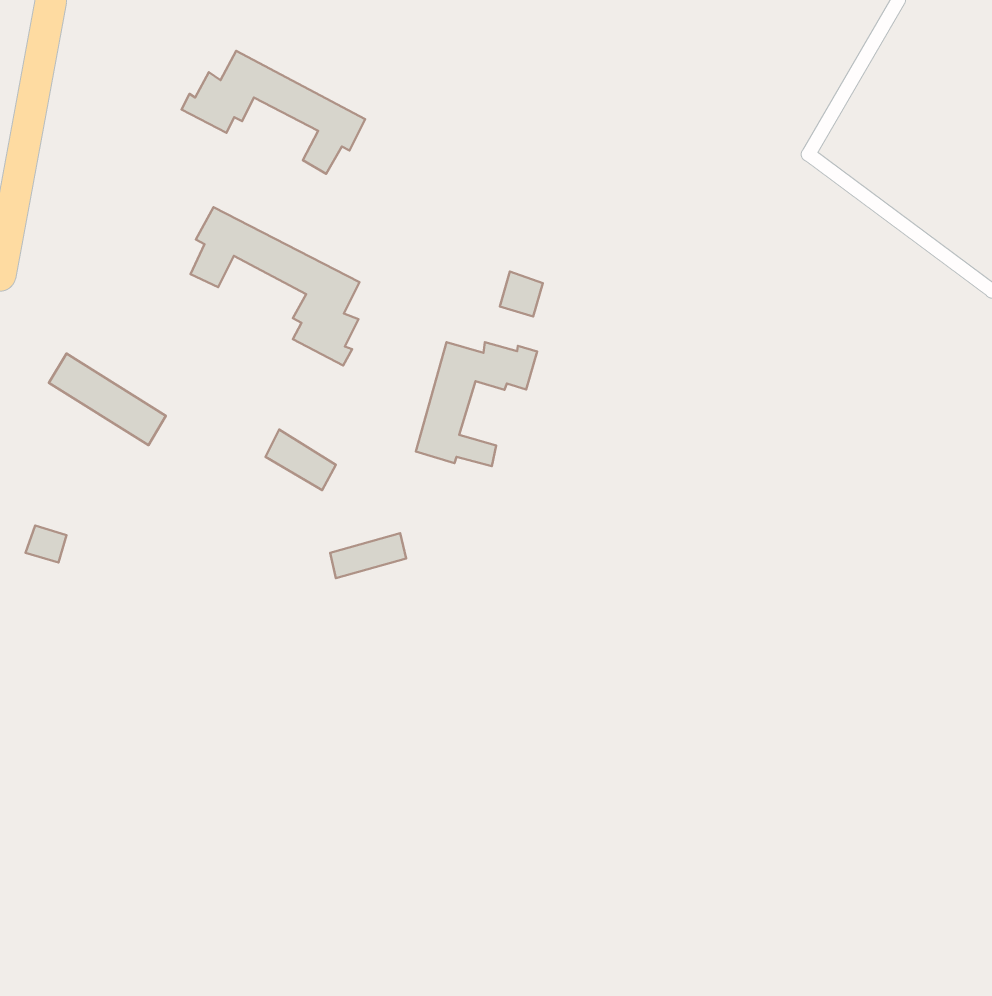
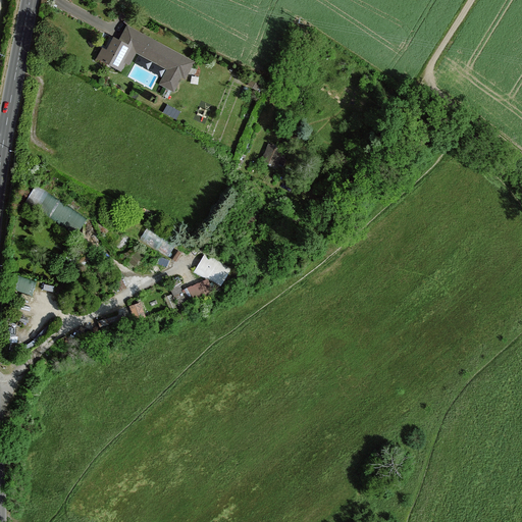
building: [190,207,360,365] -> none
building: [416,342,537,466] -> none
building: none -> [193,253,230,286]

